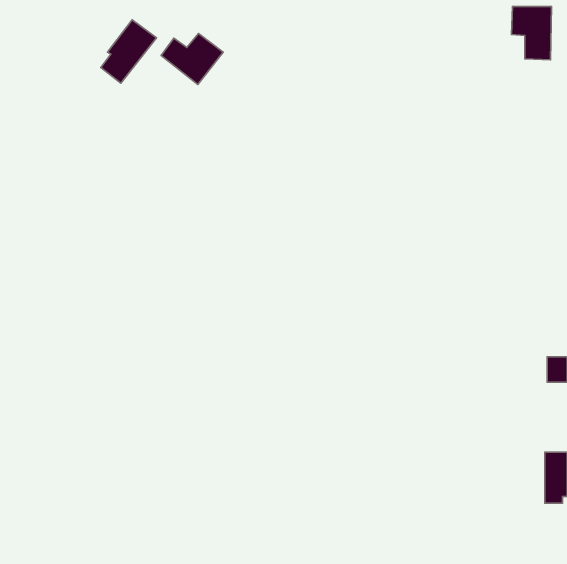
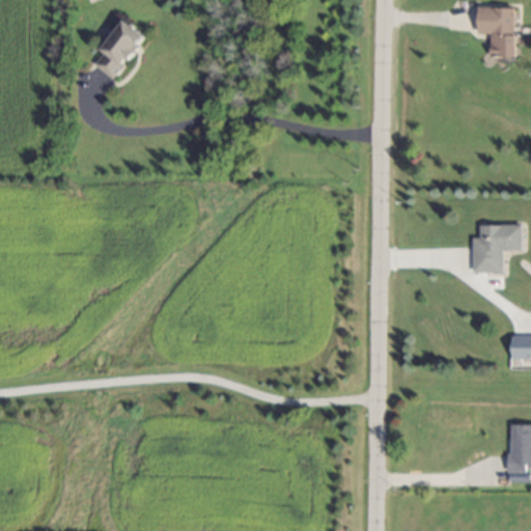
building: [161,34,223,85] -> none
building: none -> [472,223,523,272]

